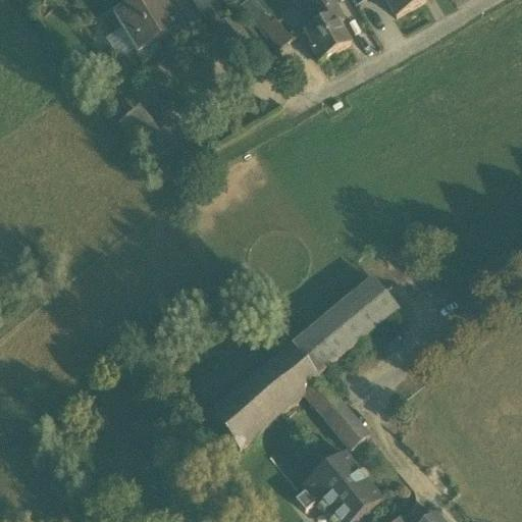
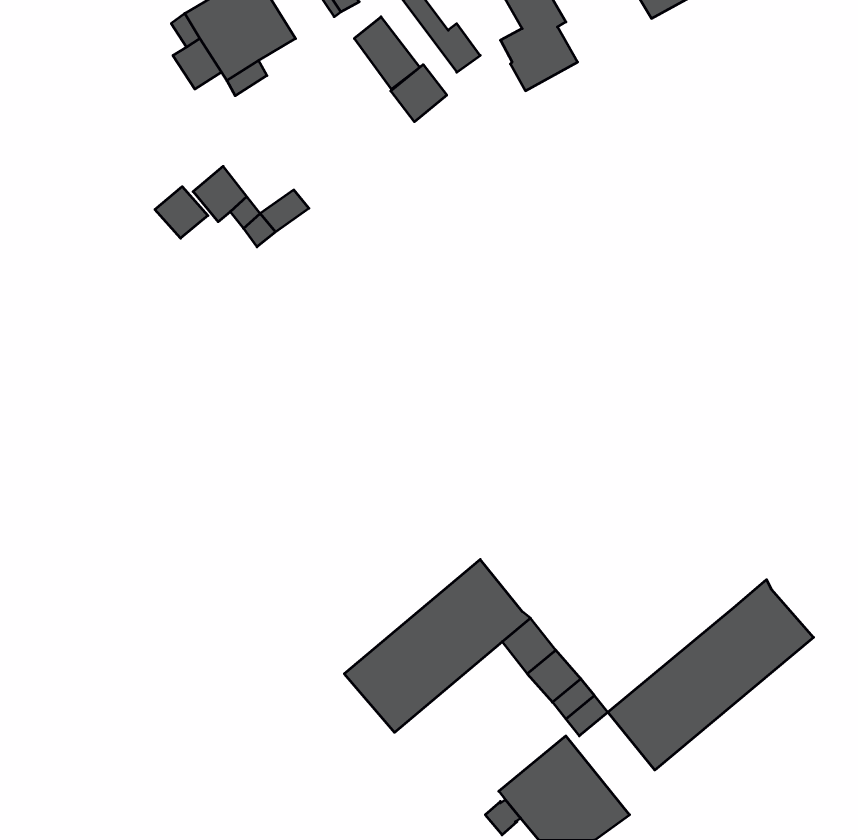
building: none -> [391,65,447,122]
building: none -> [155,187,208,238]
building: [292,273,398,371] -> none
building: none -> [608,580,814,770]

